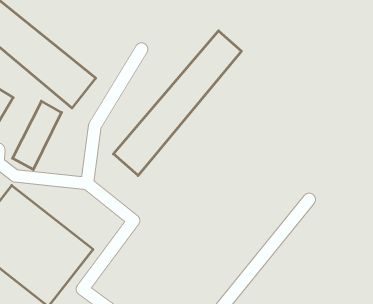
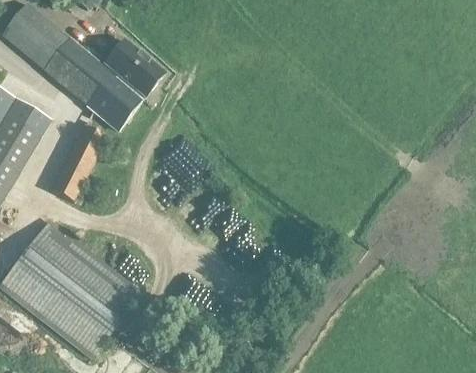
building: none -> [107,43,161,98]
building: [113,31,241,176] -> none

